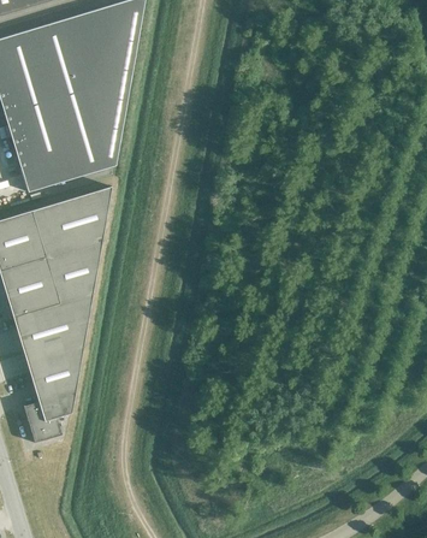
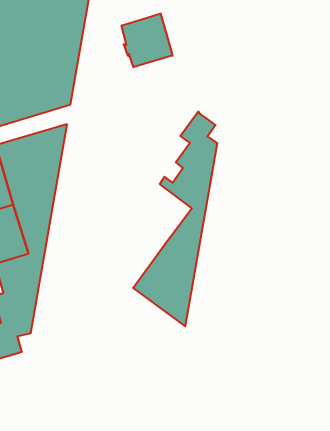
building: none -> [122,14,172,67]
building: none -> [133,112,217,326]

